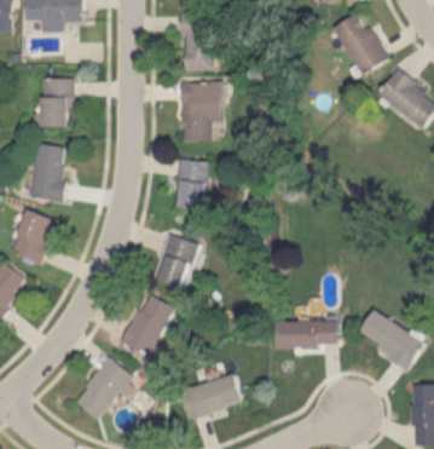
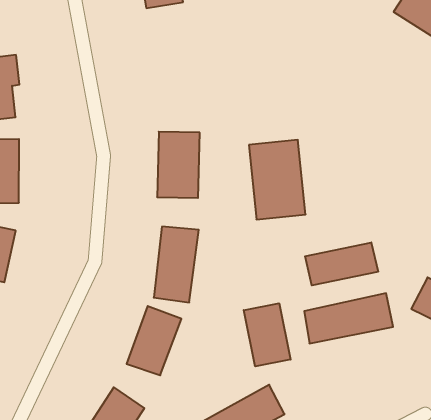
building: [180,80,224,143] -> [249,140,306,219]
building: none -> [305,242,378,285]
building: none -> [244,303,291,366]

